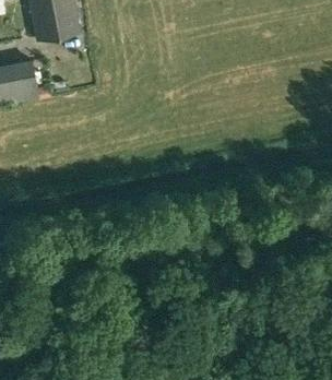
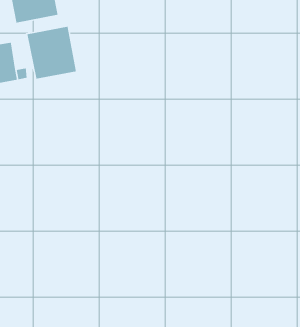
building: none -> [27,26,77,80]

